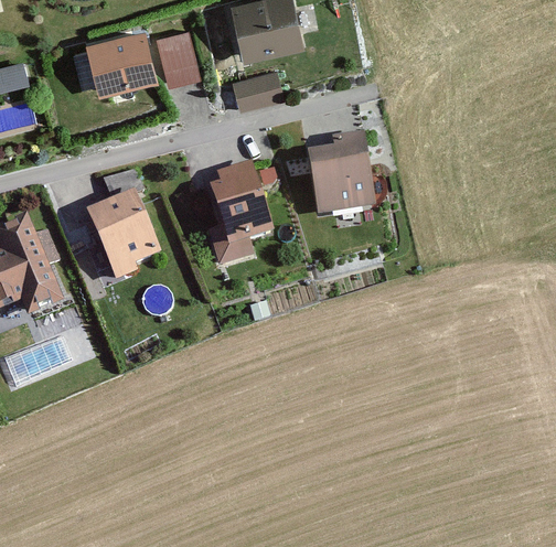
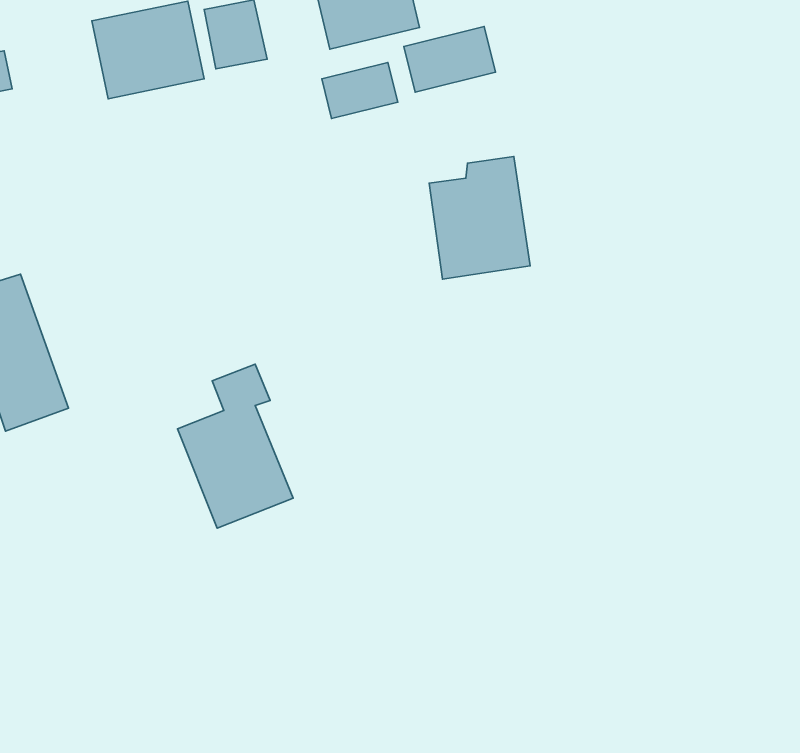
building: none -> [404,26,495,92]
building: [204,161,275,265] -> none
building: [86,171,163,280] -> [177,364,293,528]

